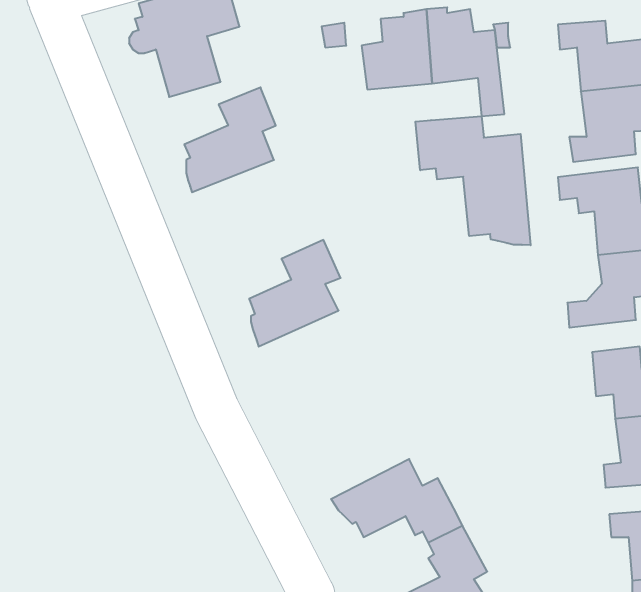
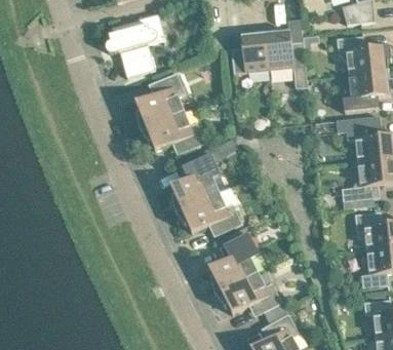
building: [415,116,531,245] -> none
building: none -> [139,111,204,152]
building: none -> [174,192,241,234]
building: none -> [207,234,257,294]

